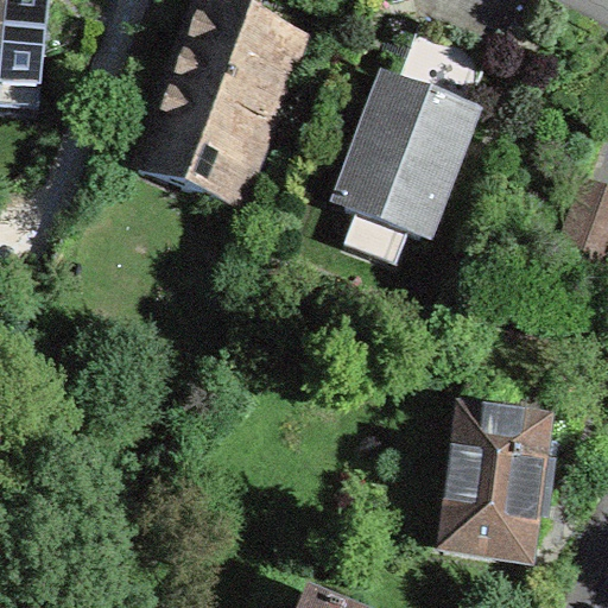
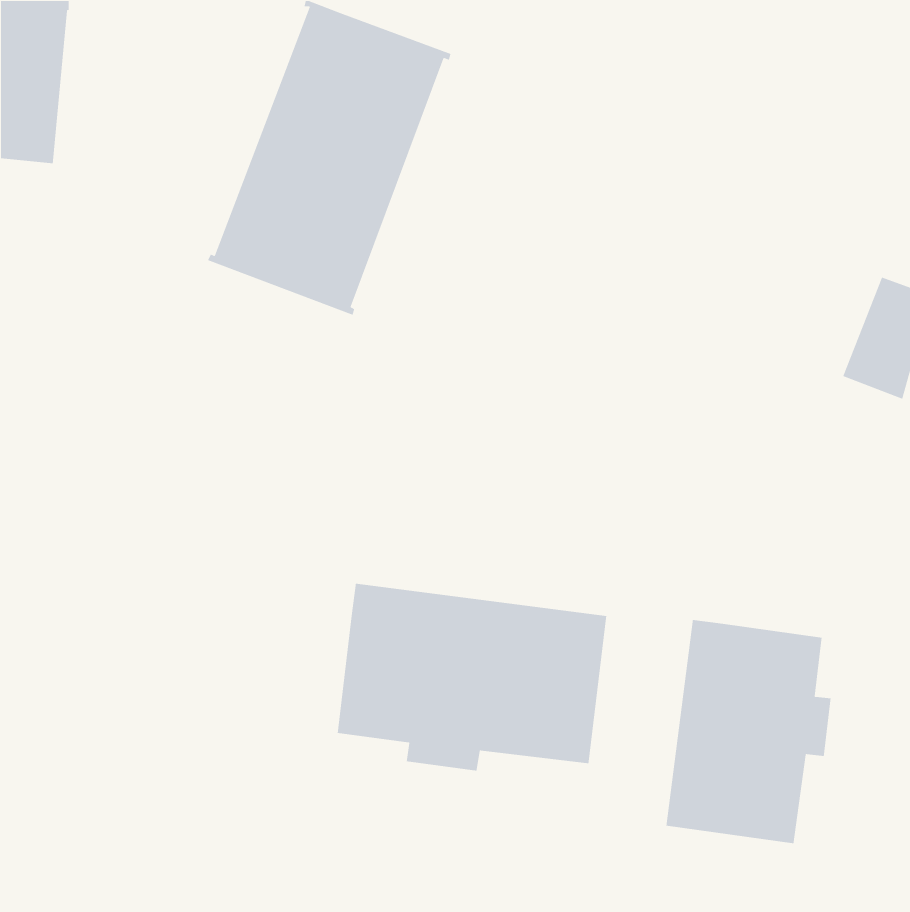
building: [346,21,493,240] -> none
building: none -> [337,583,607,772]

